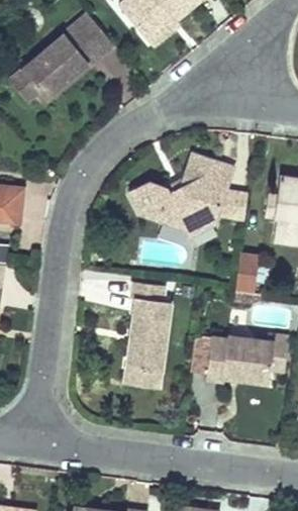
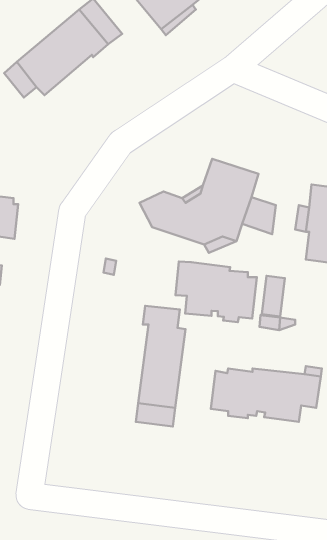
building: none -> [175,261,257,322]

